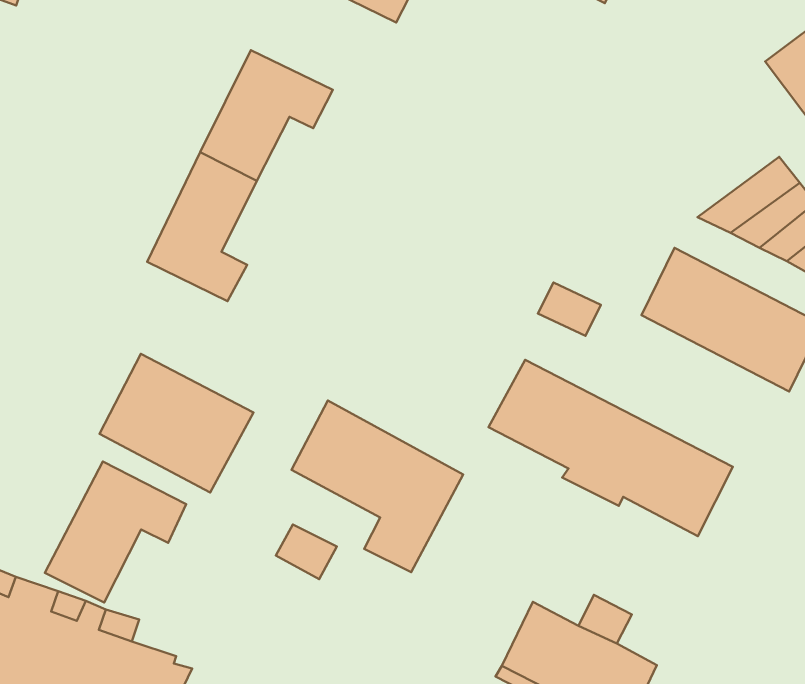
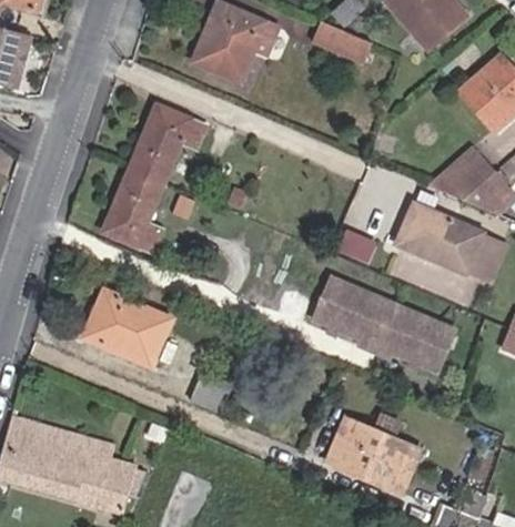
building: [291,401,463,572] -> none
building: [45,462,186,603] -> none

